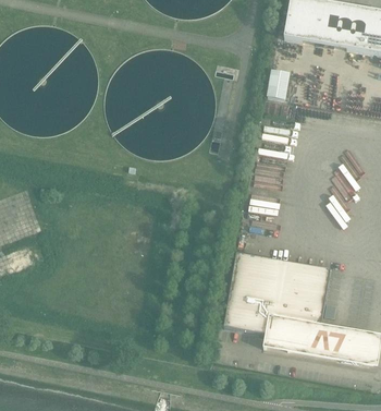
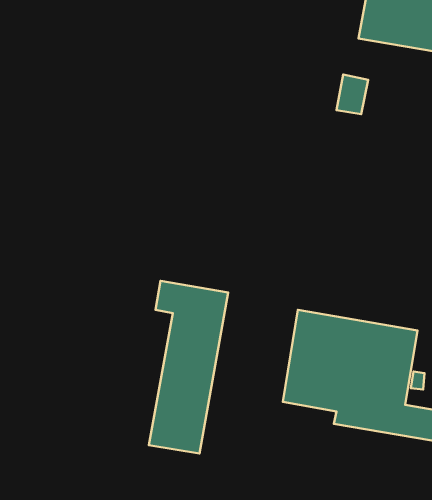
building: none -> [149,281,228,453]

